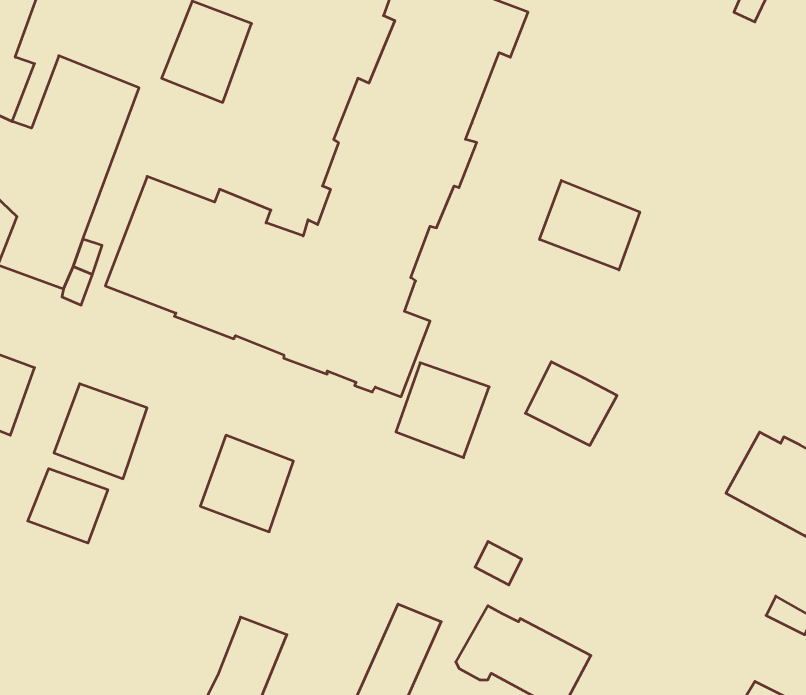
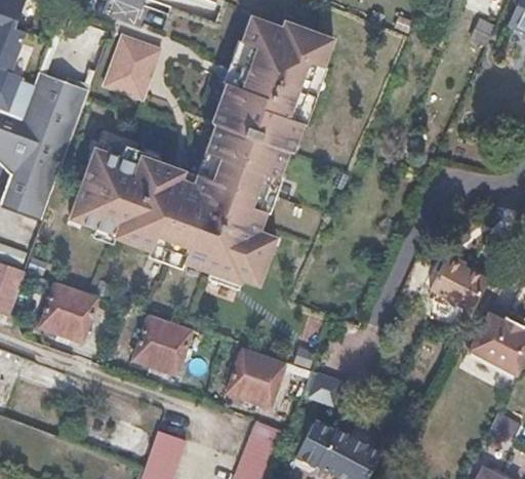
building: [540,180,640,270] -> none
building: [525,362,617,445] -> [428,257,486,311]
building: [396,363,489,458] -> [224,346,283,406]
building: [28,469,108,543] -> none

